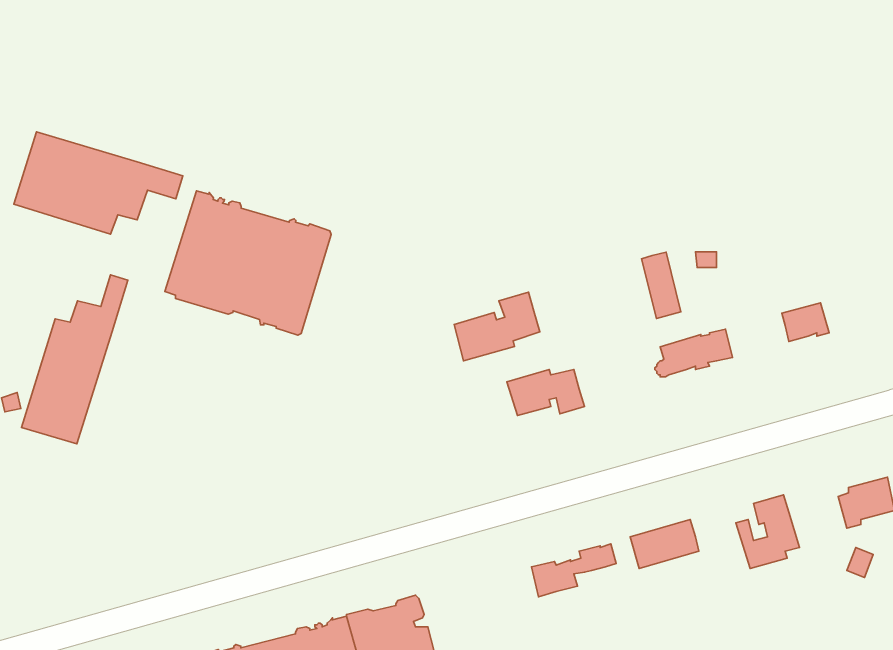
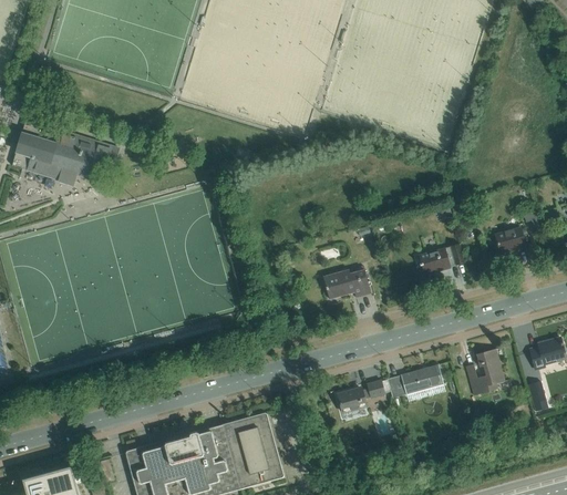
building: [165,191,331,335] -> none
building: [641,252,681,318] -> none
building: [22,275,128,444] -> none
building: [454,292,540,361] -> none

